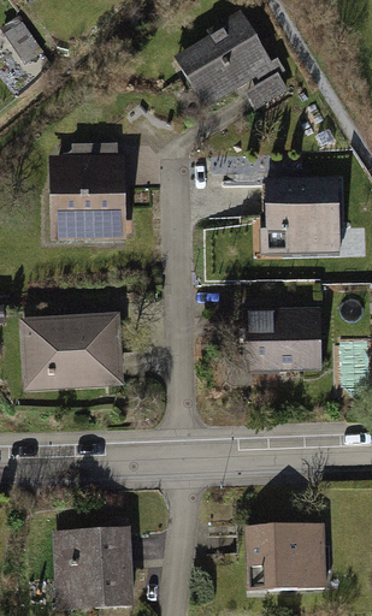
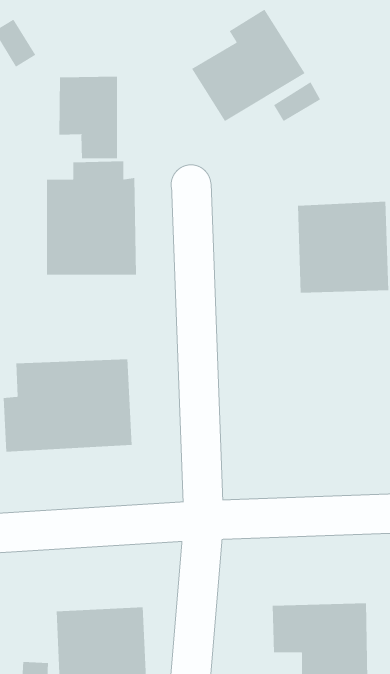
building: none -> [59,76,118,159]
building: [247,310,324,369] -> none

